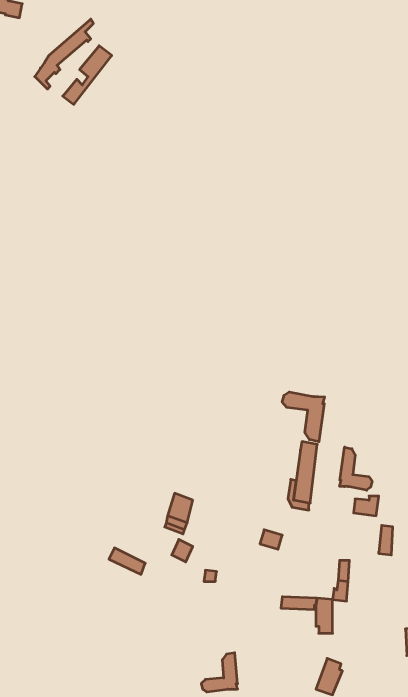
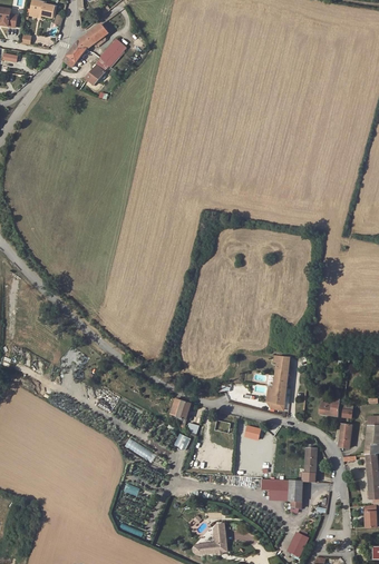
building: [282,392,325,442] -> none
building: [340,447,372,490] -> none

